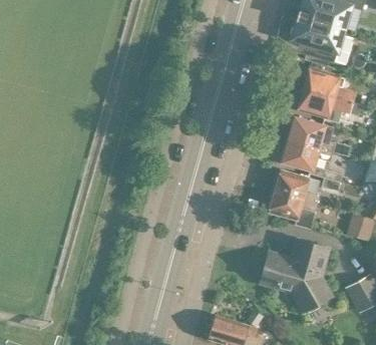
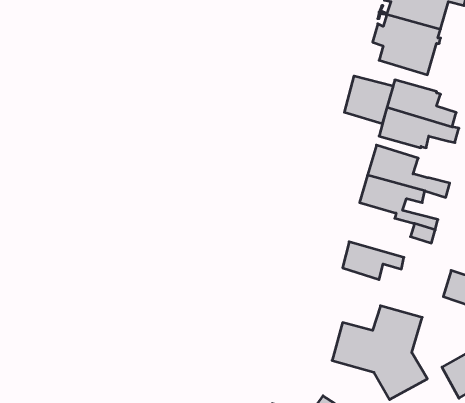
building: none -> [344,76,393,124]
building: [274,170,319,204] -> none

